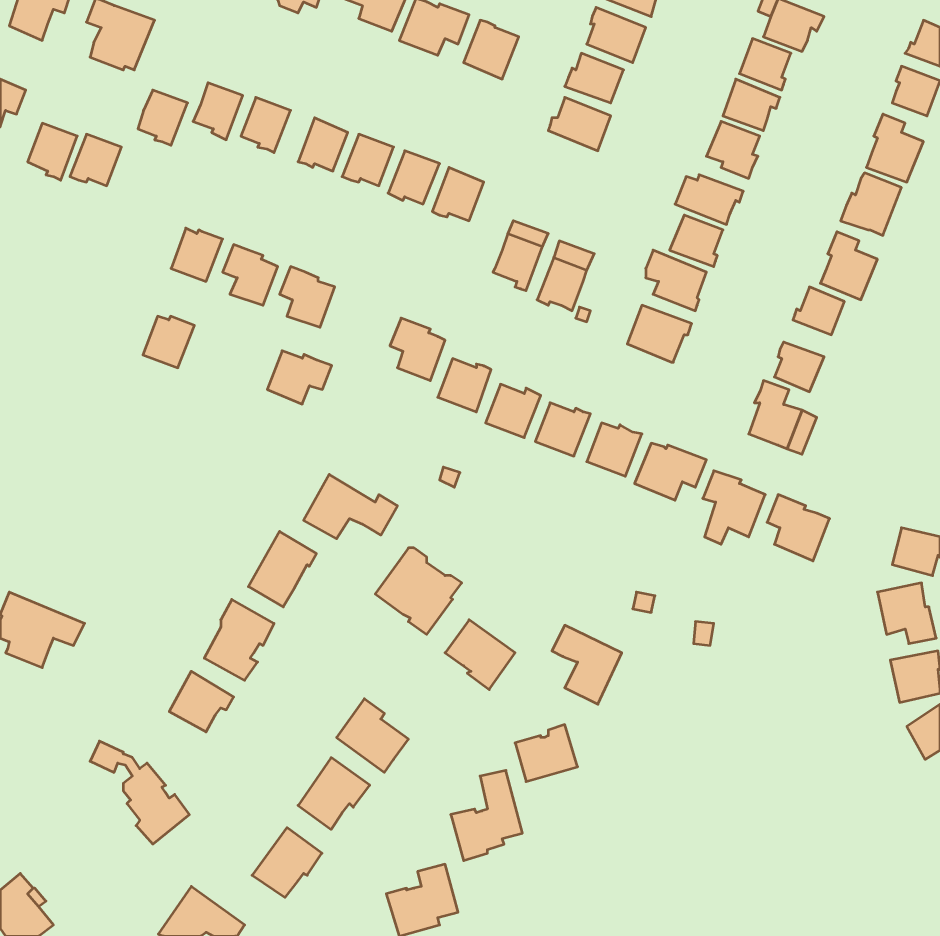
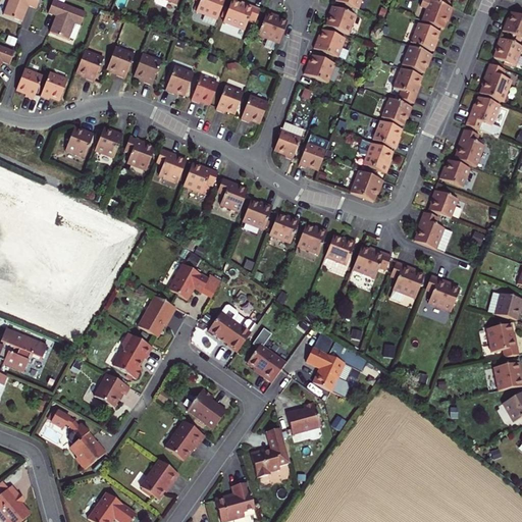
building: [143,316,194,368] -> [65,127,94,156]
building: [267,351,332,404] -> [184,162,219,192]

